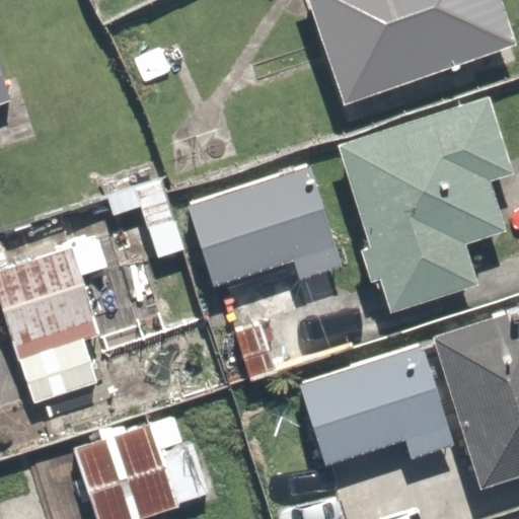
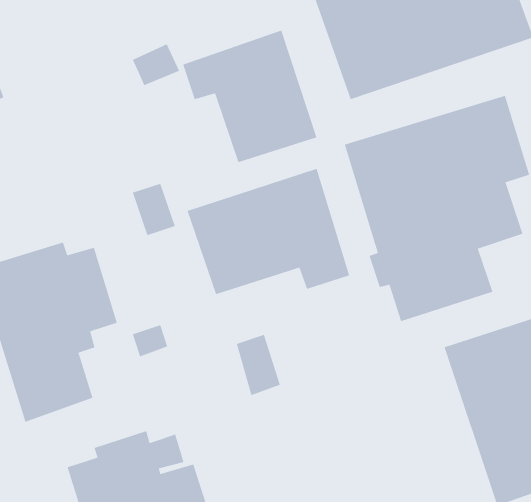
building: none -> [182,29,317,163]
building: [300,346,455,464] -> none

